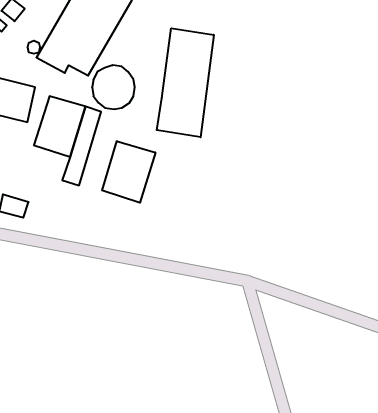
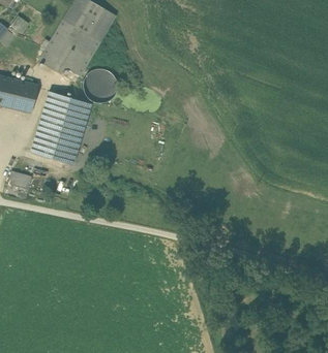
building: [157,28,214,137] -> none
building: [102,141,155,203] -> none
building: none -> [31,131,65,159]

